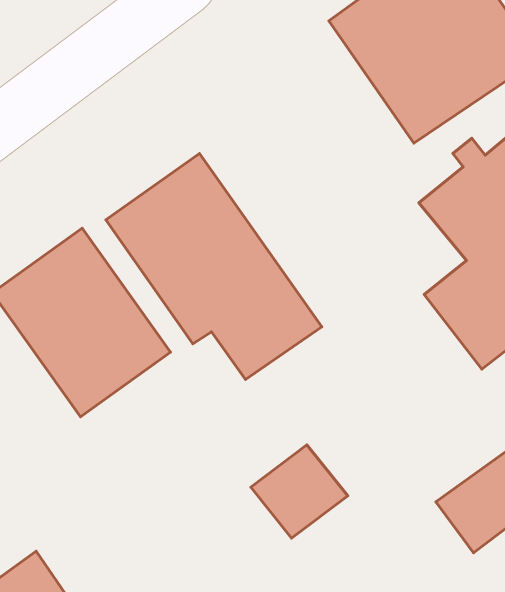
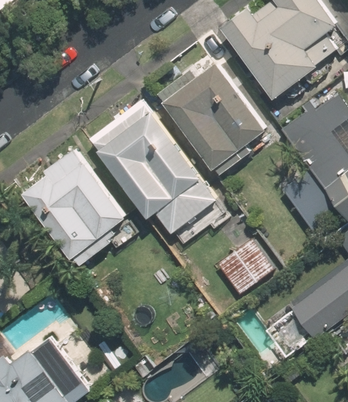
building: none -> [160,55,268,164]
building: [251,445,348,538] -> [214,241,271,296]

